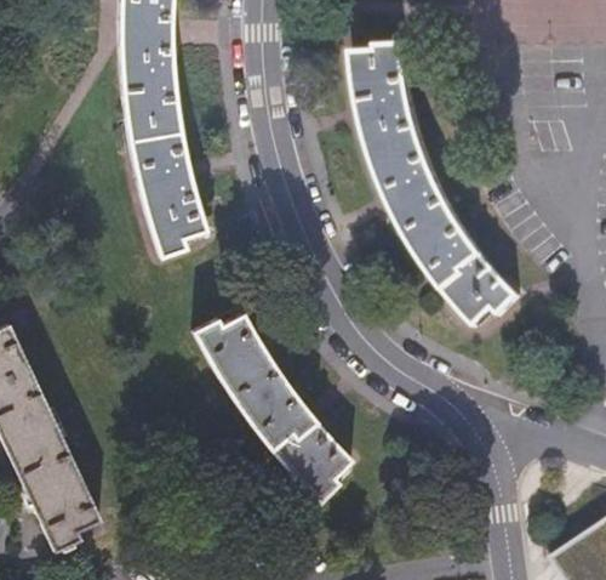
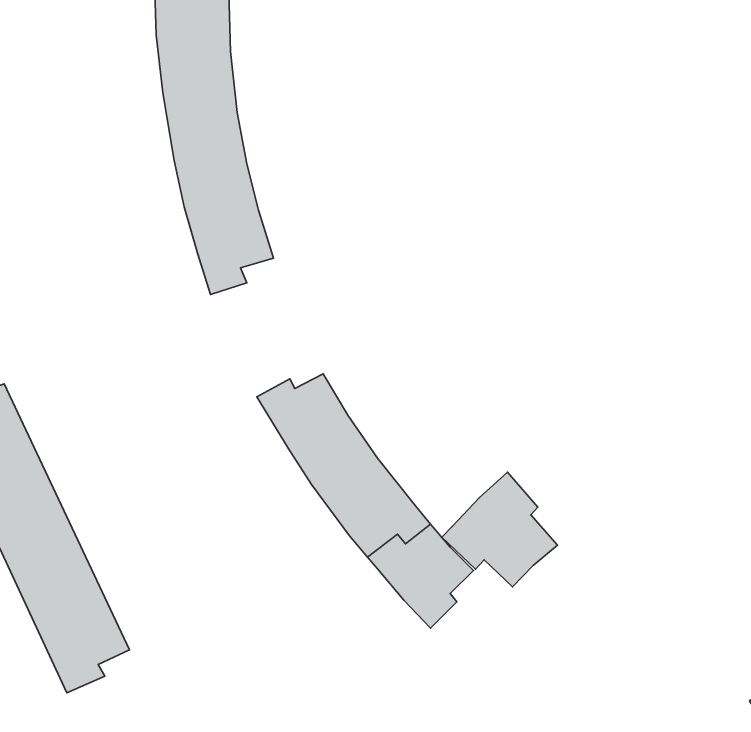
building: [353,49,519,329] -> none
building: none -> [442,472,558,587]

